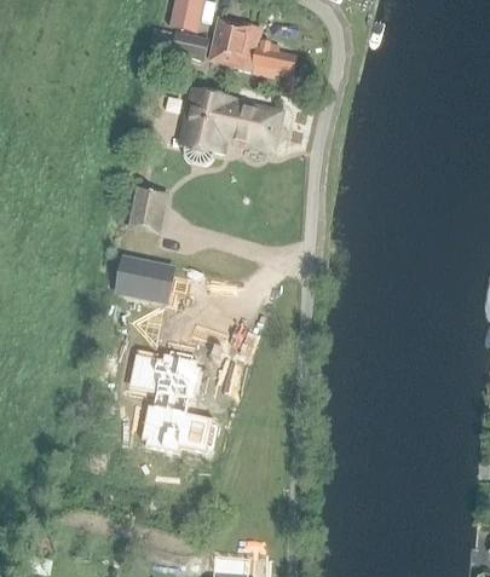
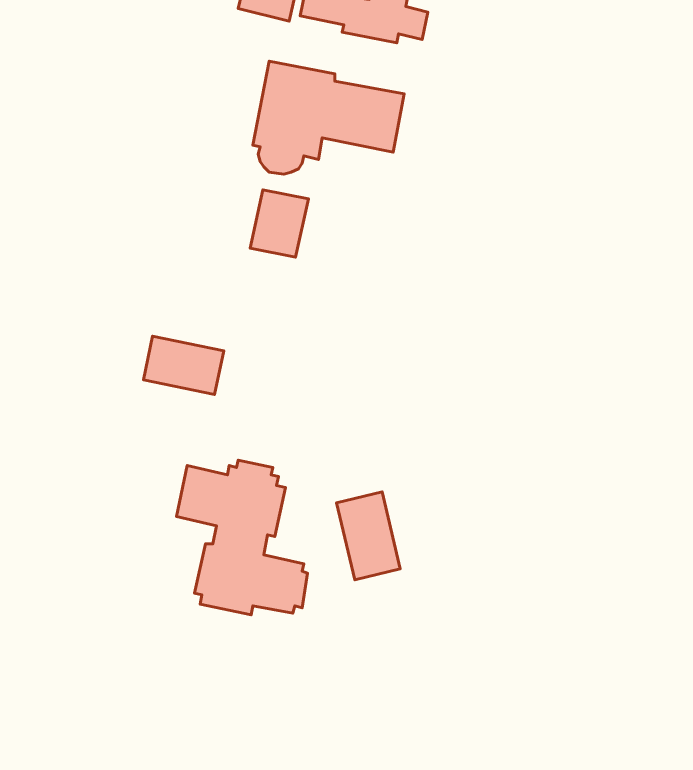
building: [129,186,168,231] -> [250,190,308,257]
building: none -> [336,492,400,580]

